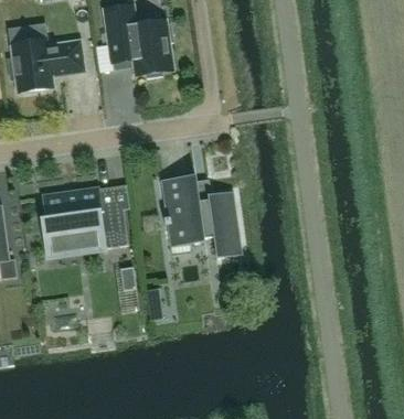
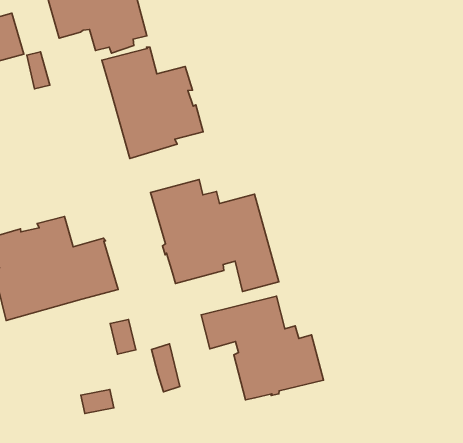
building: none -> [102,47,203,159]
building: none -> [201,296,324,400]

